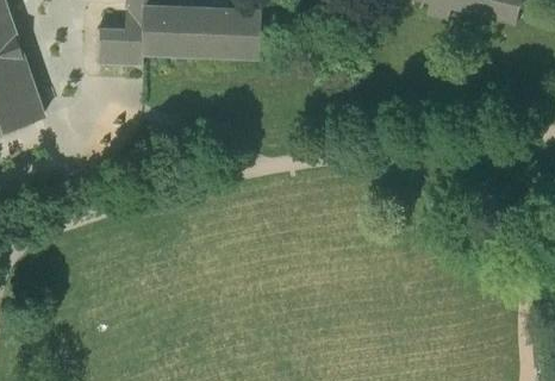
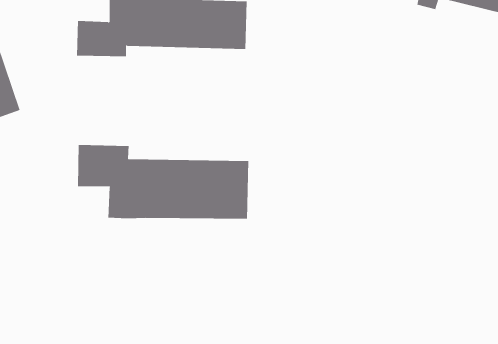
building: none -> [78,144,249,220]

